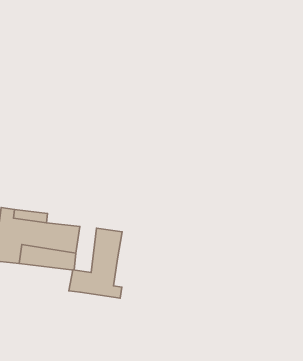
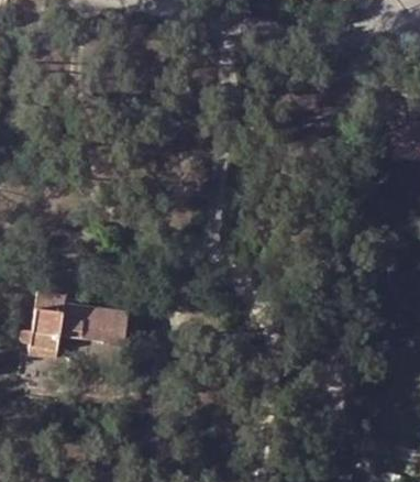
building: [69,228,122,298] -> none

